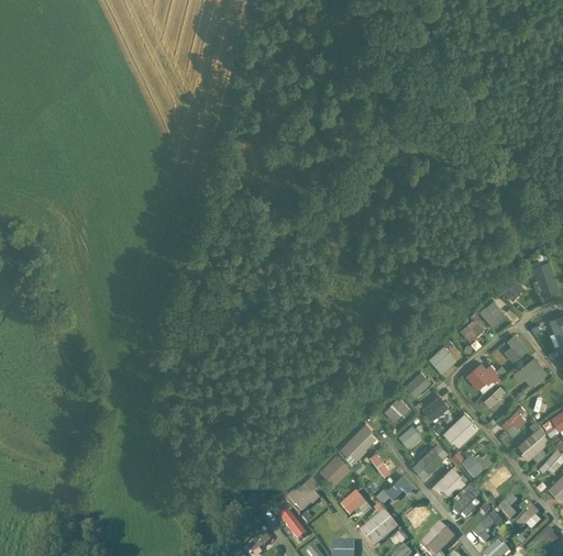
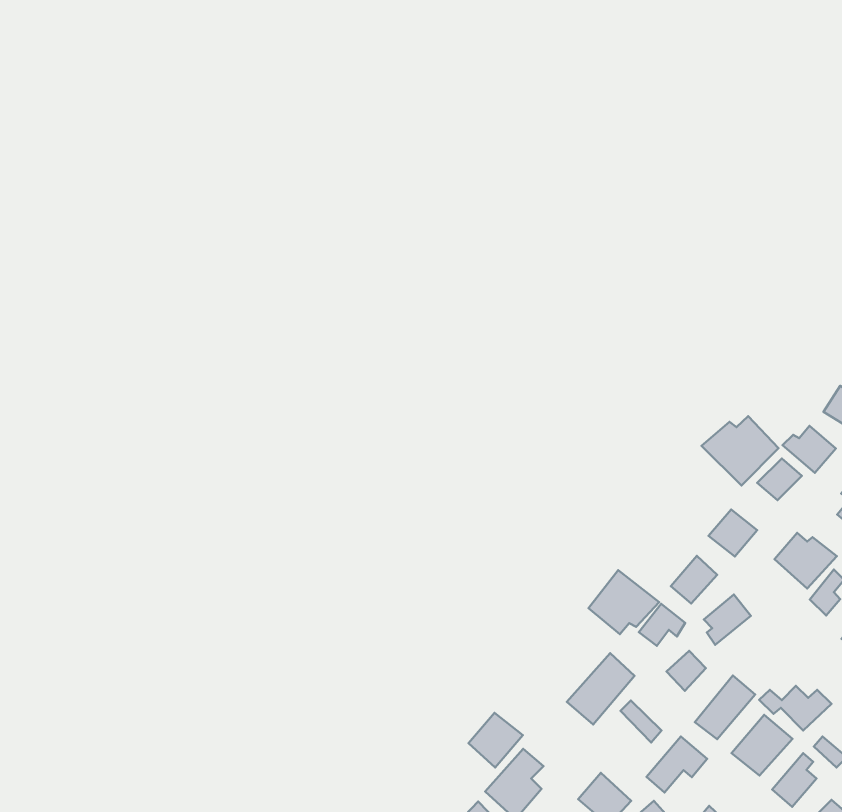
building: none -> [701,416,779,486]
building: none -> [588,570,659,634]
building: [442,413,477,448] -> none
building: [319,454,351,486] -> [469,713,523,768]

